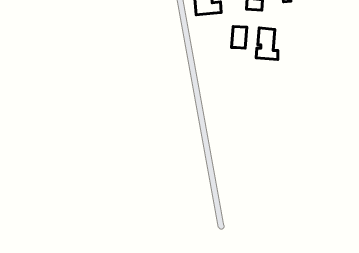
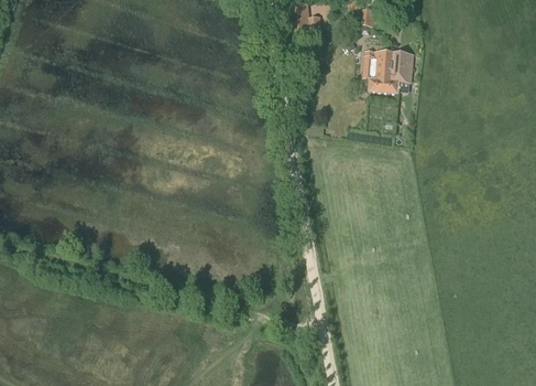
building: [231,26,247,48] -> [392,52,413,82]

